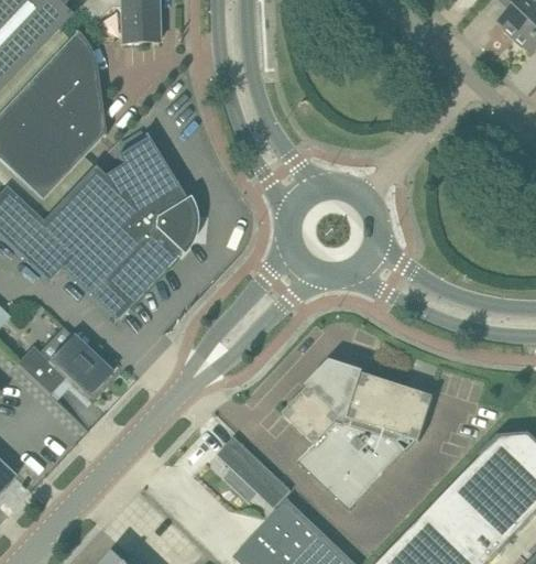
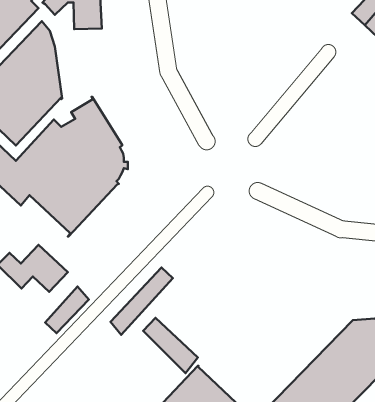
building: none -> [111,267,173,335]
building: [283,366,434,509] -> none
building: none -> [45,287,89,333]

